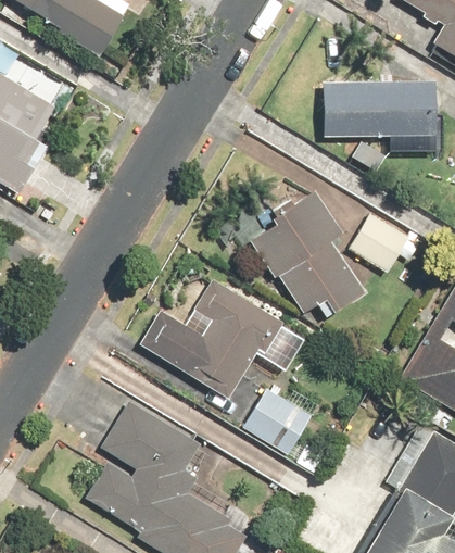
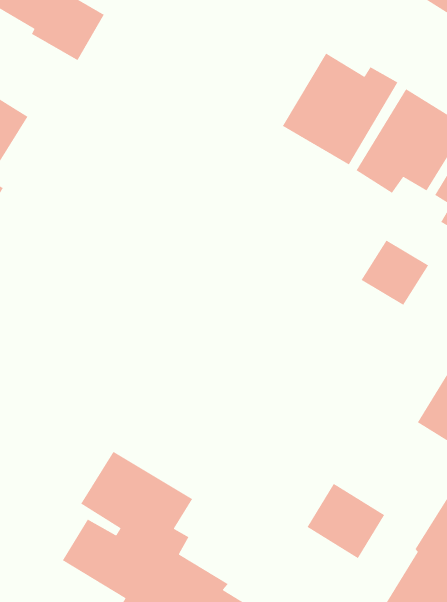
building: [250,190,365,313] -> none
building: [139,278,277,398] -> none
building: [242,388,312,455] -> [306,483,385,559]

